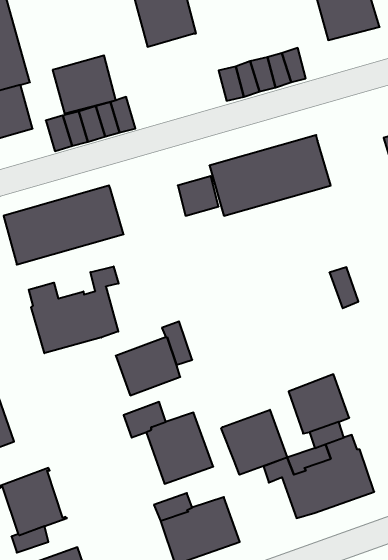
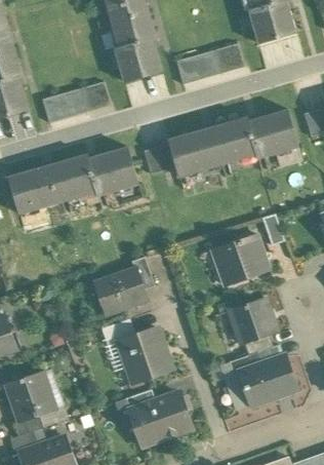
building: [53,55,116,113] -> [115,33,164,78]
building: none -> [251,105,301,154]
building: none -> [90,143,141,193]
building: [29,266,119,353] -> none
building: none -> [210,235,268,283]
building: [221,410,287,475] -> none

